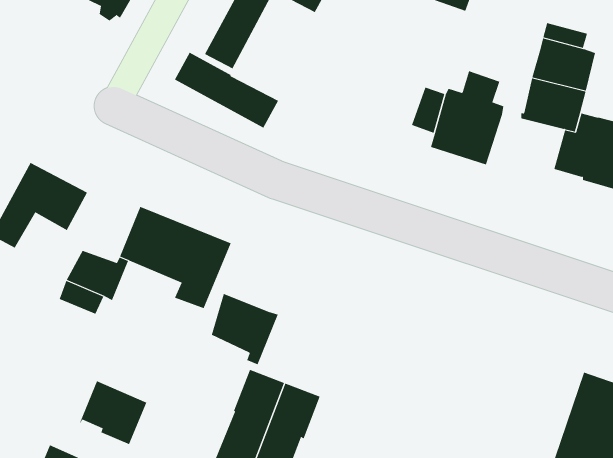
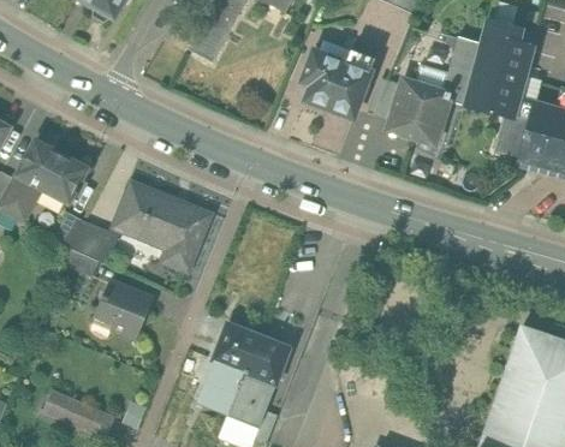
building: none -> [441,37,482,105]
building: [174,52,279,129] -> none
building: none -> [304,49,375,117]
building: [211,293,278,365] -> none
building: [79,381,147,445] -> [93,281,153,338]

